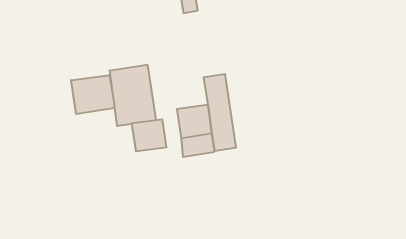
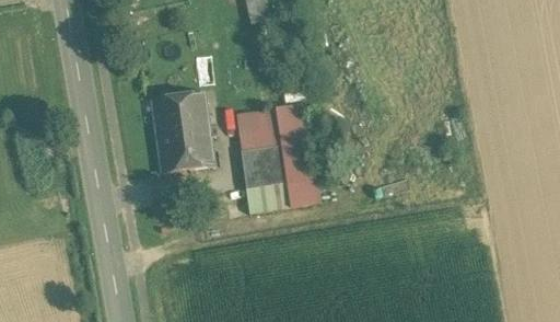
building: [71,75,114,114] -> none
building: [132,119,167,151] -> [235,108,281,150]

